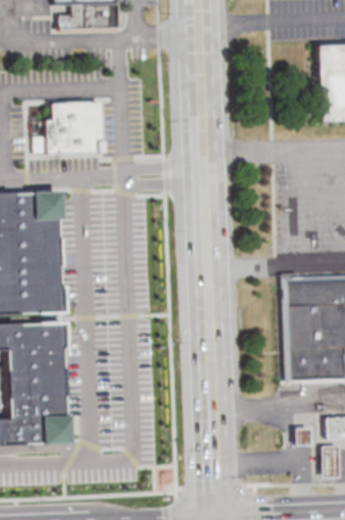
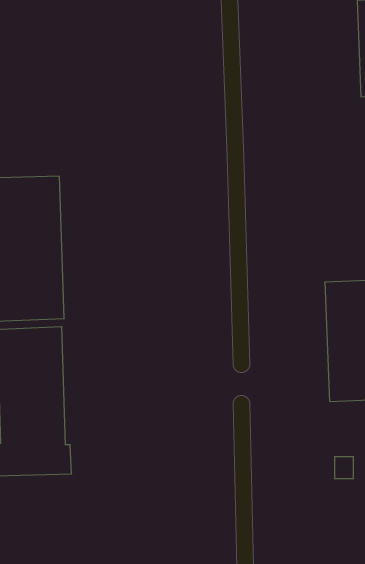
building: [33,102,103,154] -> none

